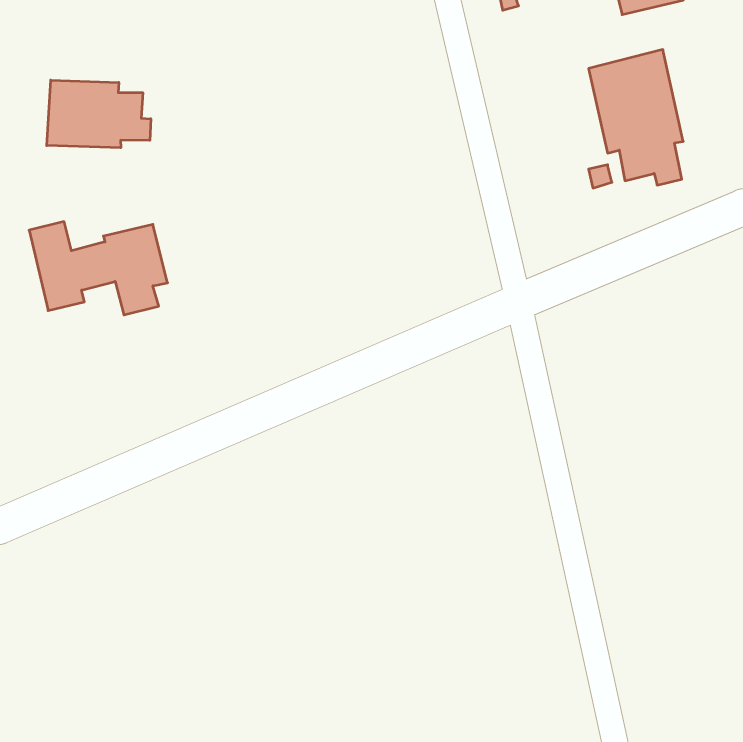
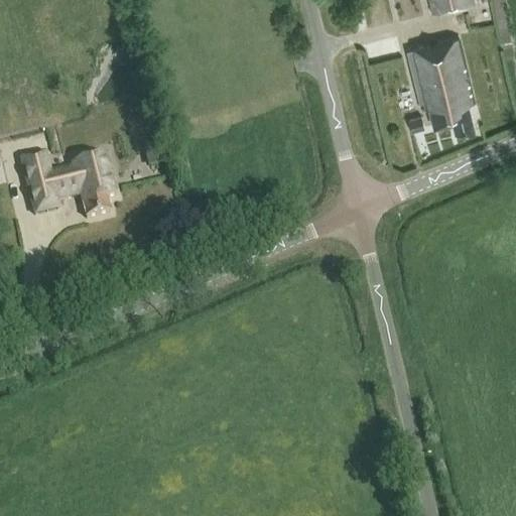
building: [47,80,151,148] -> none

